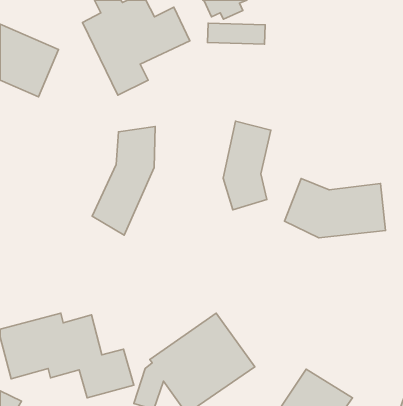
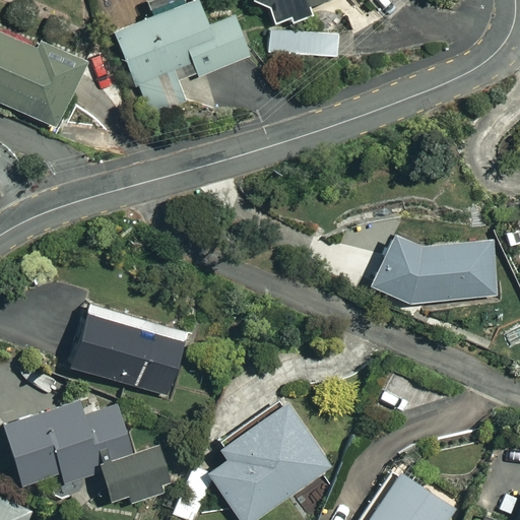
building: [223,121,271,210] -> none
building: [92,127,155,235] -> none
building: none -> [65,300,190,397]

